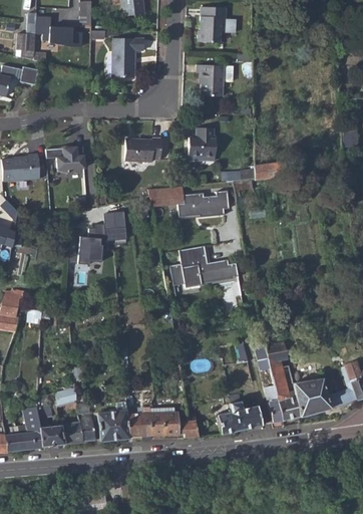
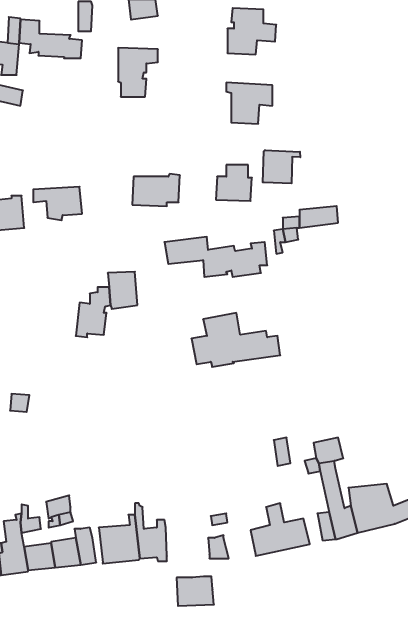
building: none -> [263,150,300,183]
building: [149,412,178,435] -> [177,576,214,606]

